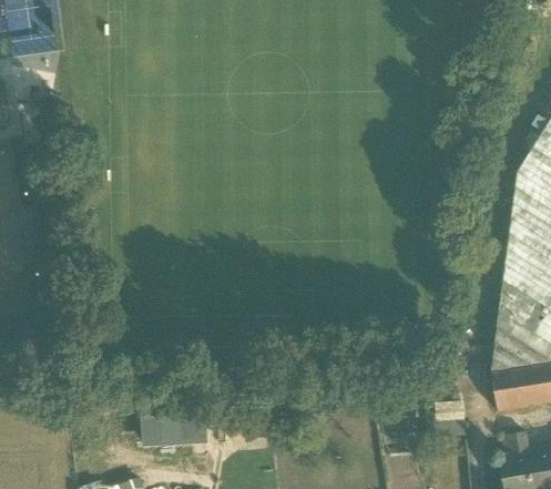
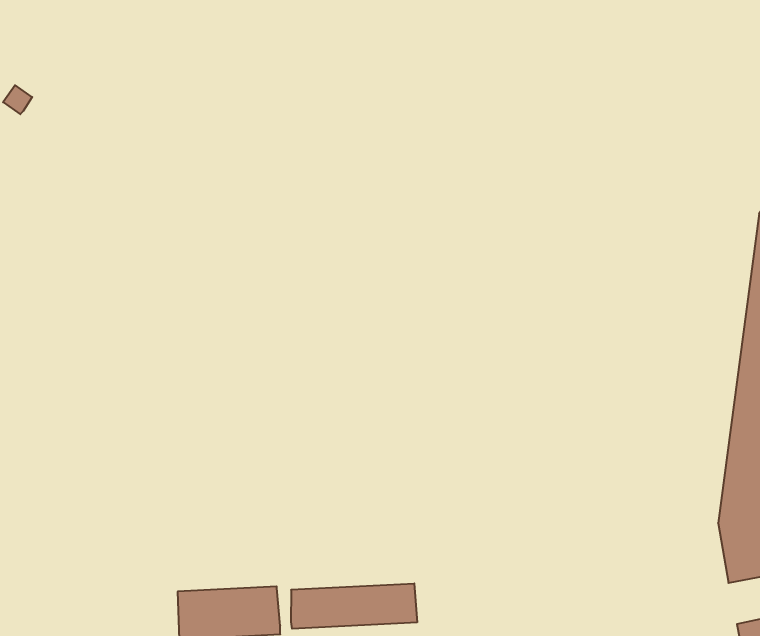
building: none -> [291,583,417,629]

